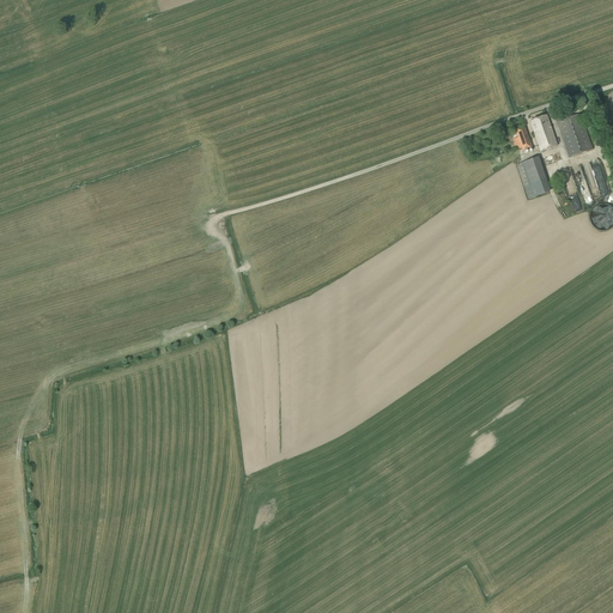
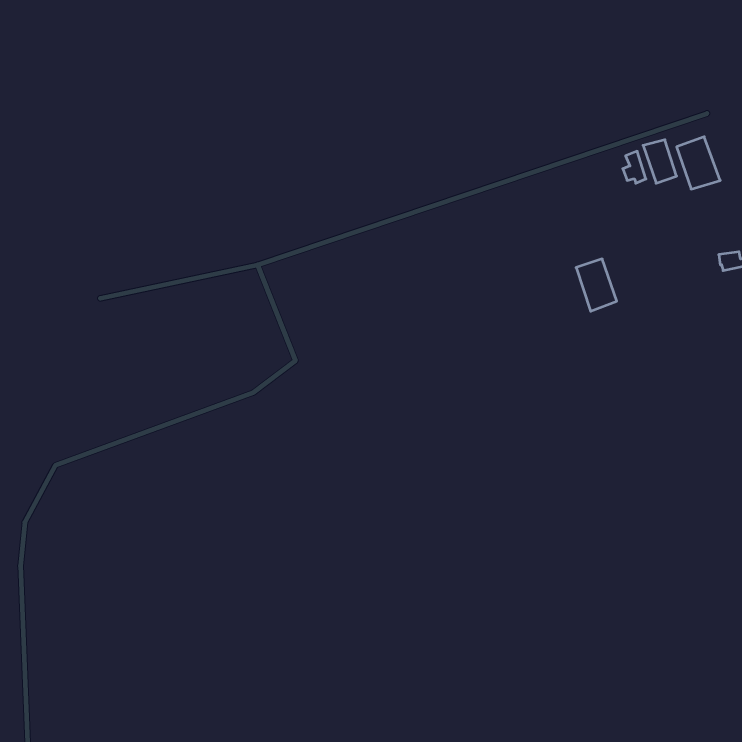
building: [517,156,551,199] -> [576,259,617,311]

